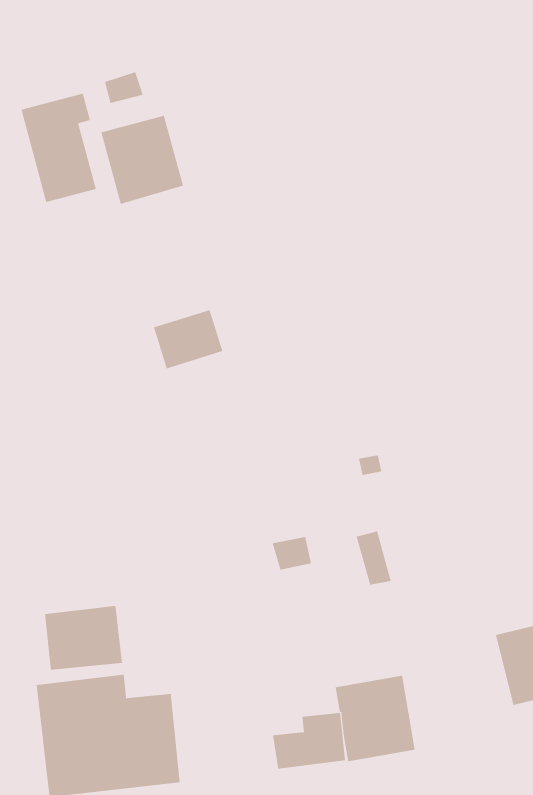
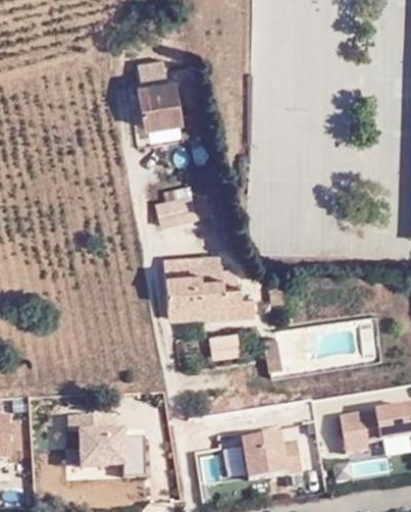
building: [21,93,97,203] -> none
building: none -> [164,259,254,323]
building: [44,605,122,671] -> none

